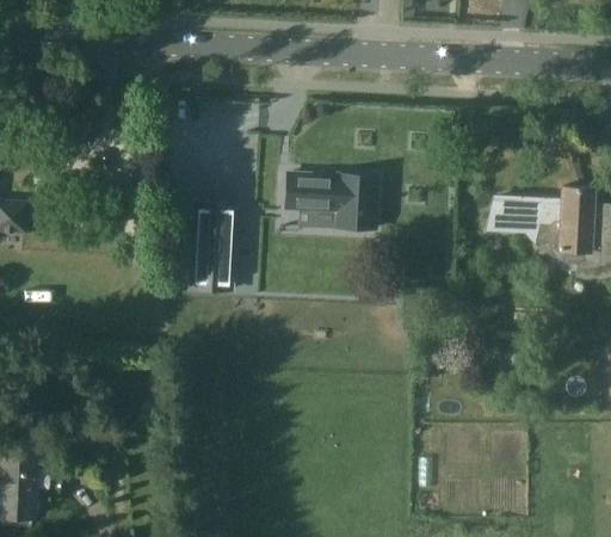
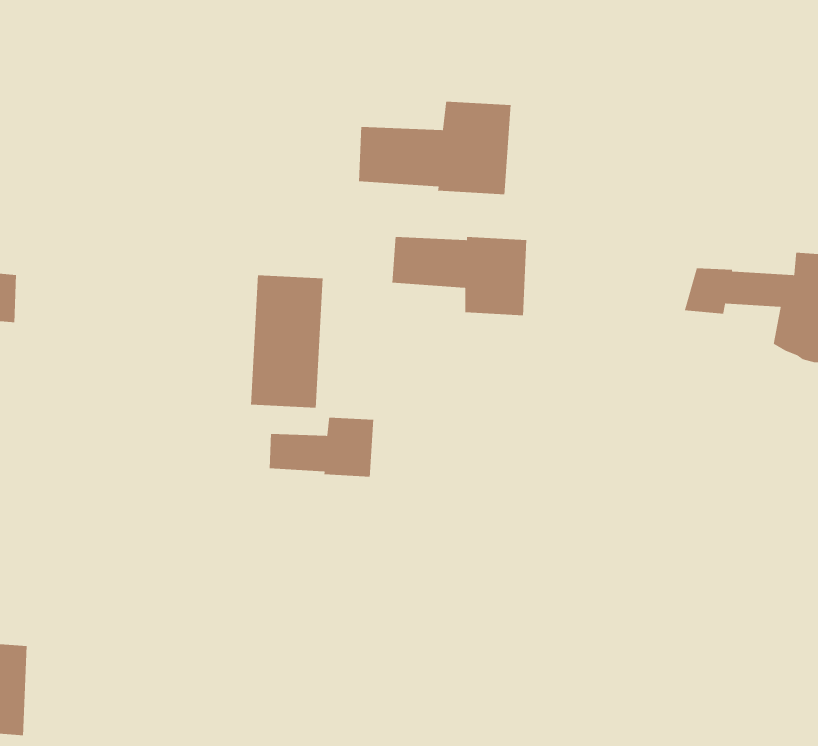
building: none -> [358,101,512,195]
building: none -> [269,417,374,477]

